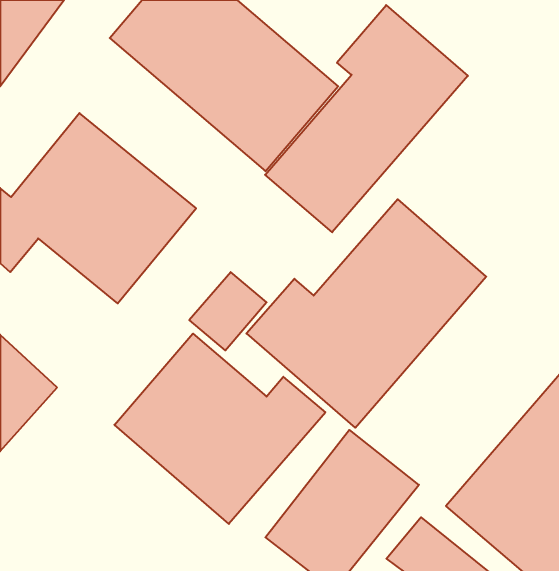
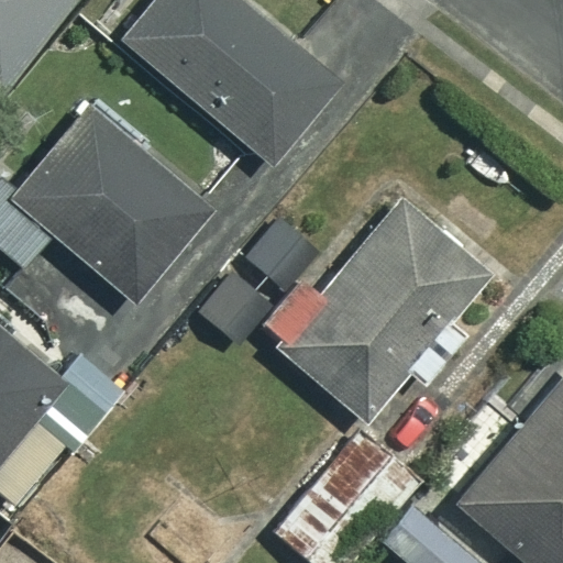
building: [265,5,468,232] -> none
building: [114,334,325,524] -> none

